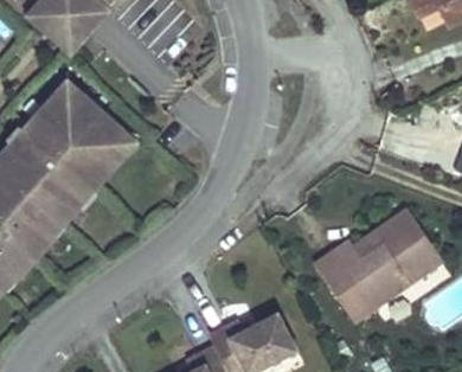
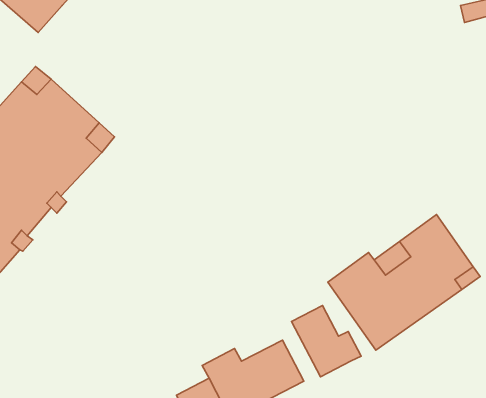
building: none -> [292,305,361,377]

